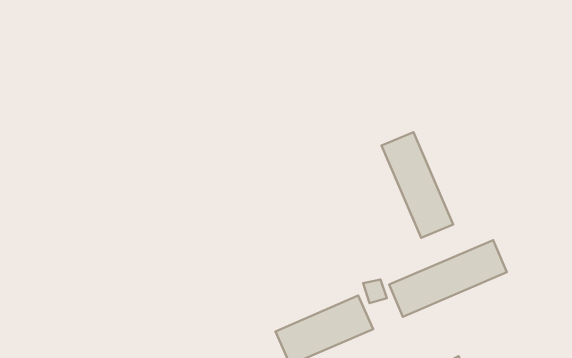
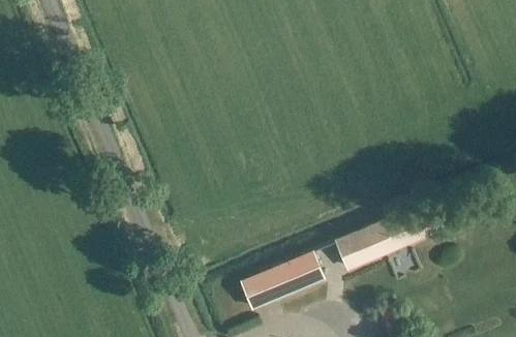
building: [381,132,453,238] -> none

